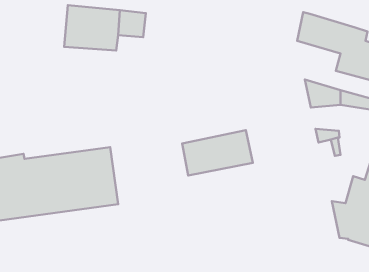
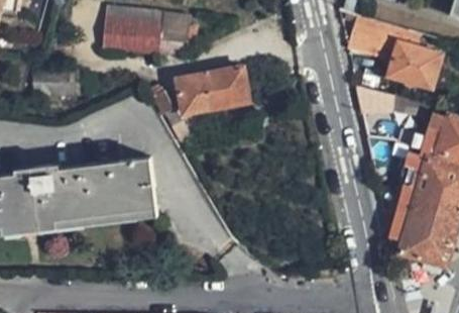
building: [182,130,253,175] -> [174,67,247,114]

